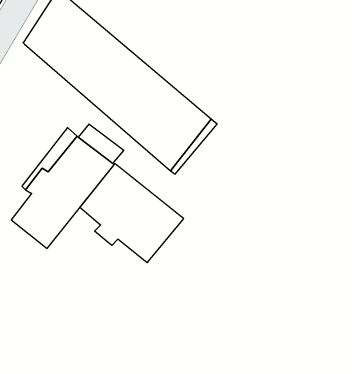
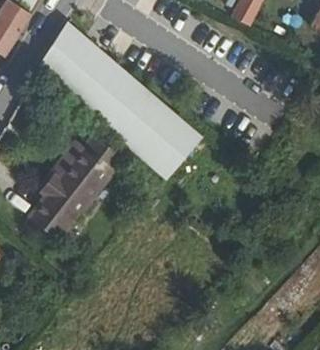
building: [80,164,184,263] -> none

